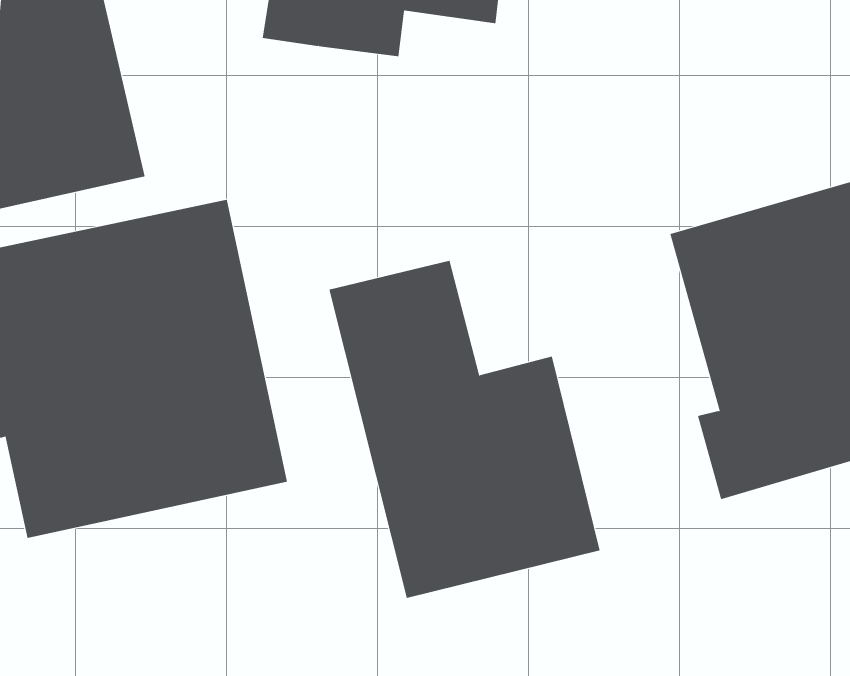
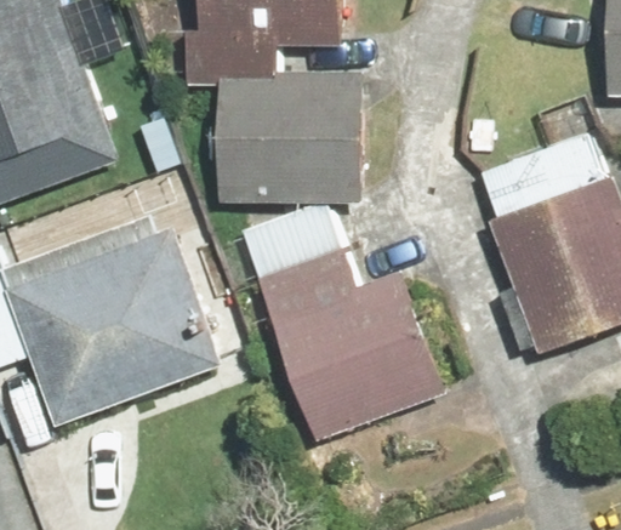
building: none -> [213,69,359,206]

